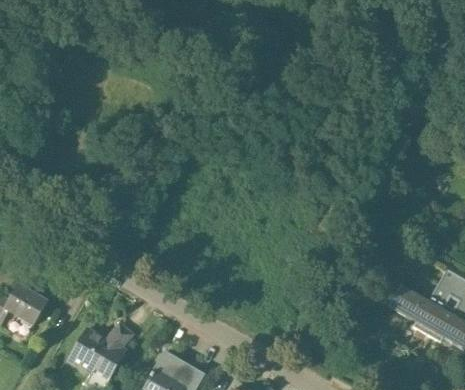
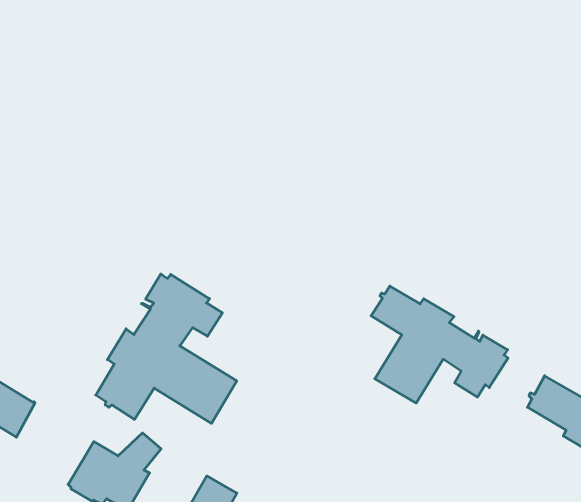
building: none -> [96,274,237,423]
building: none -> [371,286,508,403]

